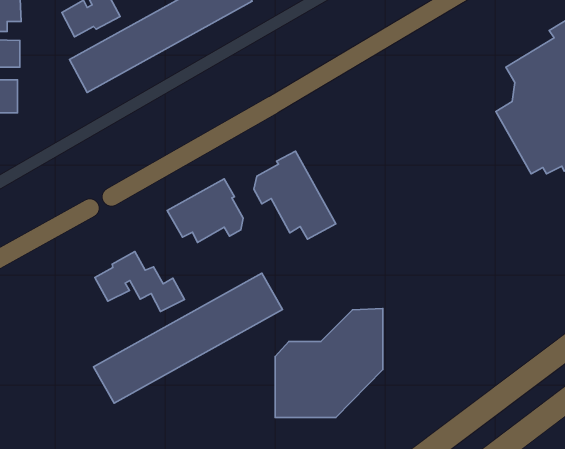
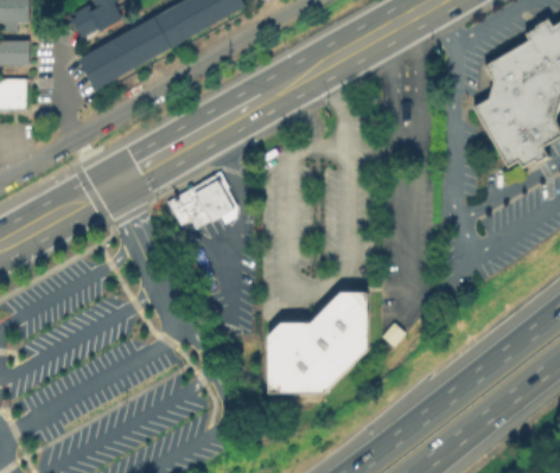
building: [254,151,336,239] -> none
building: [95,251,184,312] -> none
building: [93,273,283,403] -> none

